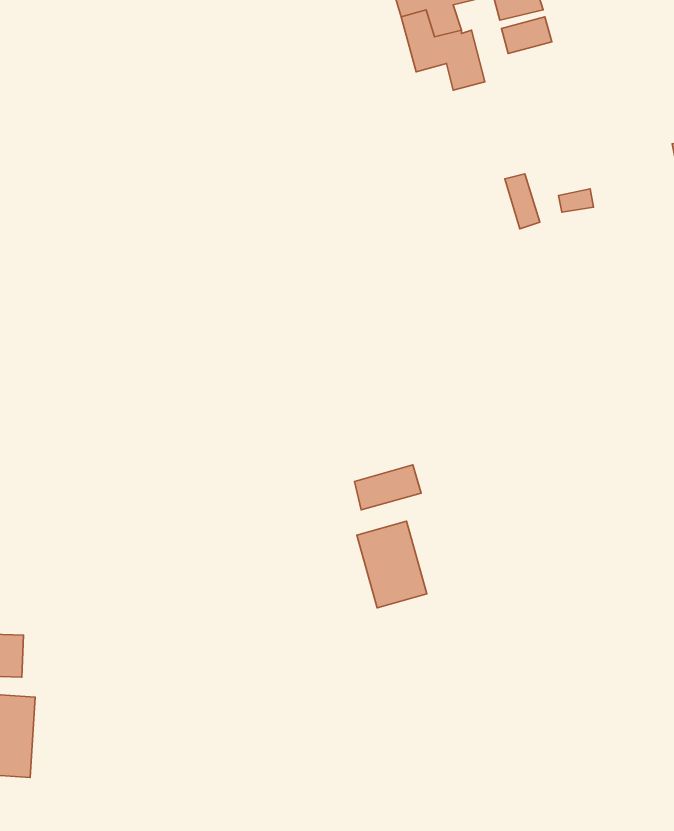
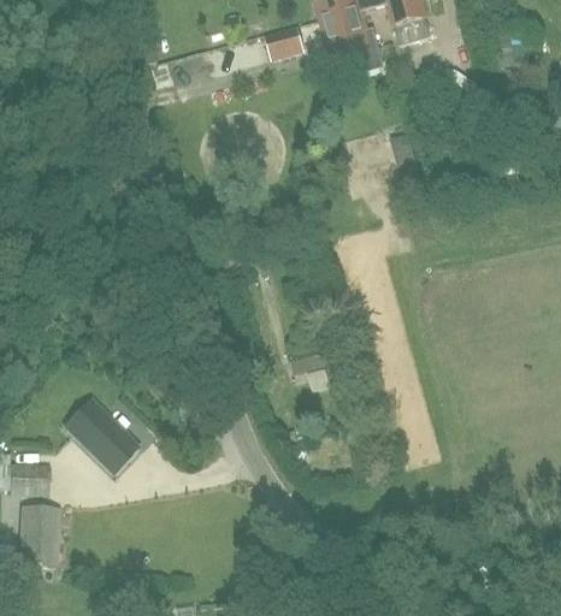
building: none -> [266,28,303,58]
building: [357,521,427,608] -> none
building: none -> [65,398,137,469]

